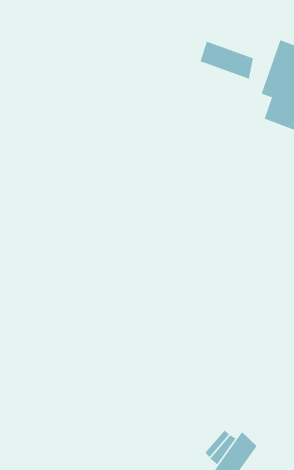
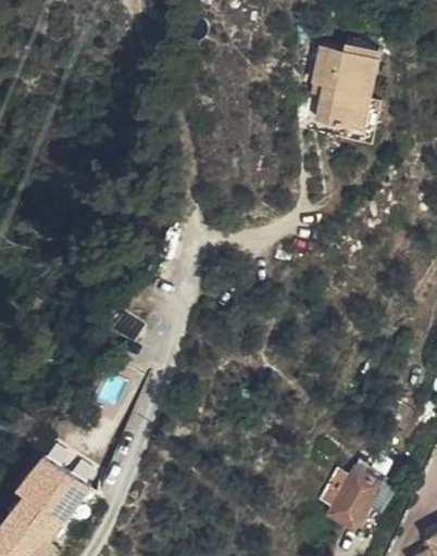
building: [200,41,254,79] -> none

